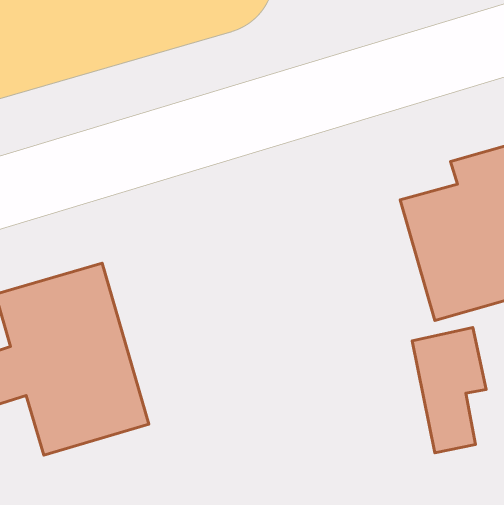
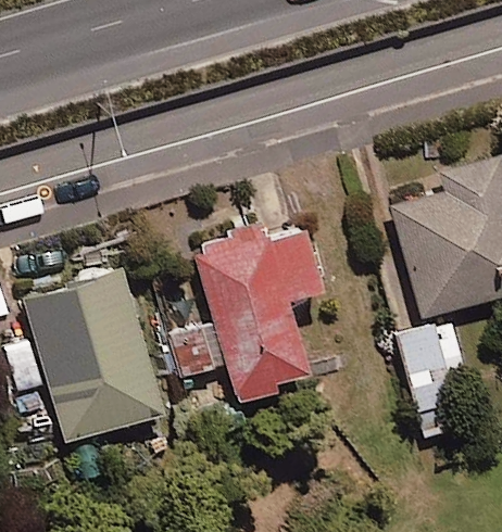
building: none -> [168,228,321,402]

